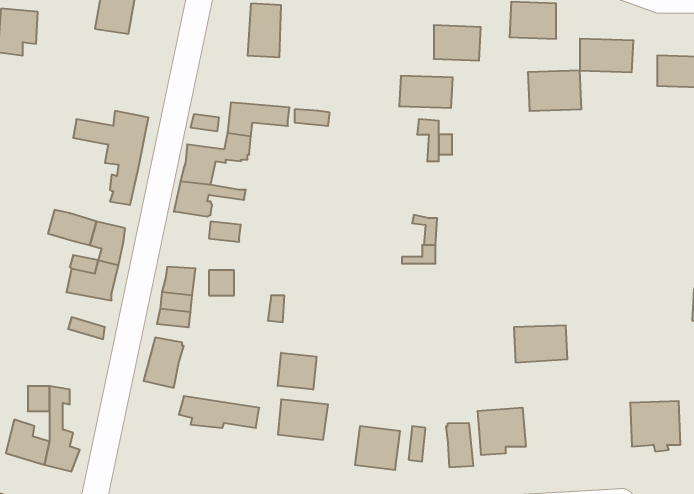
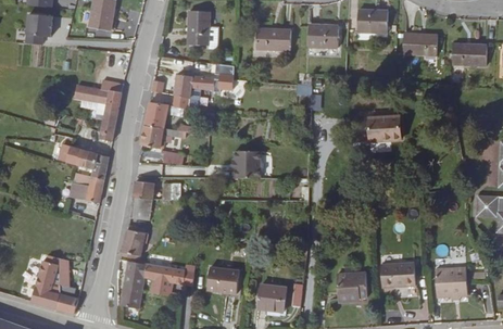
building: [528,71,581,111] -> [367,115,402,141]
building: [399,76,453,108] -> [256,28,291,49]
building: none -> [235,150,261,178]
building: [514,326,568,362] -> [381,263,416,287]
building: [278,353,316,390] -> none
building: none -> [121,261,147,307]
building: [446,423,473,467] -> none

